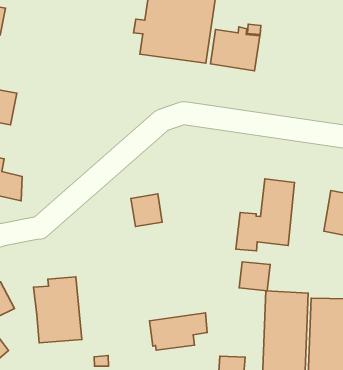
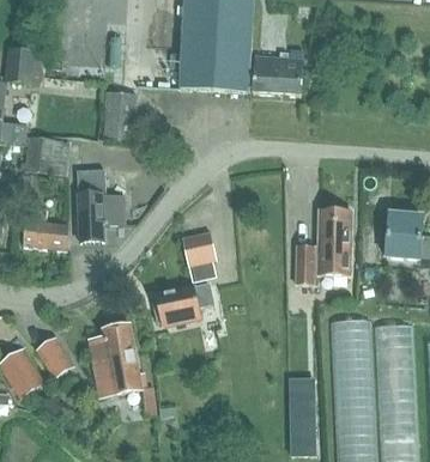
building: none -> [103,90,135,140]
building: none -> [78,168,123,242]
building: [239,262,270,291] -> none
building: [149,313,207,350] -> [152,282,213,326]

